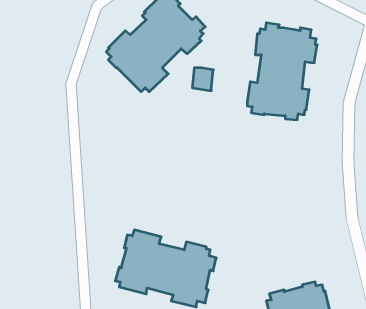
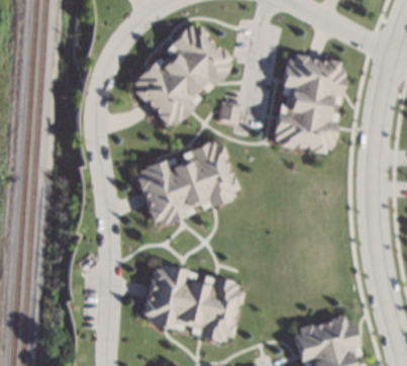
building: none -> [136,143,238,226]

